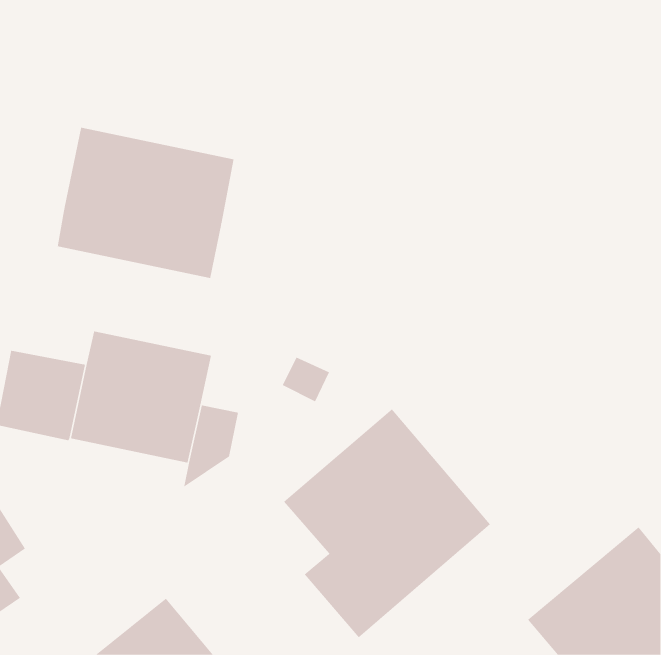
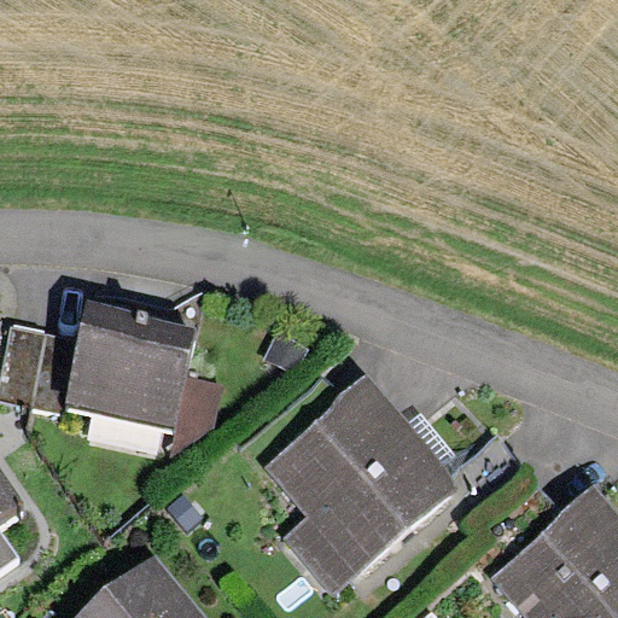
building: [57,127,234,279] -> none

